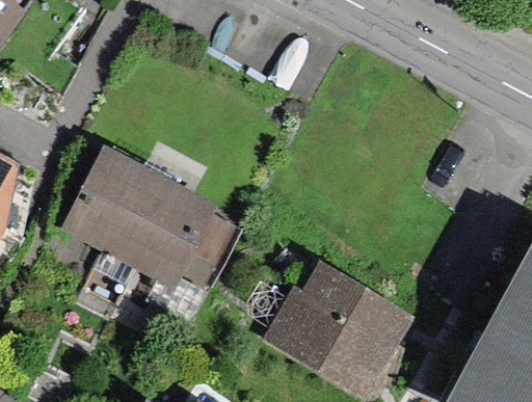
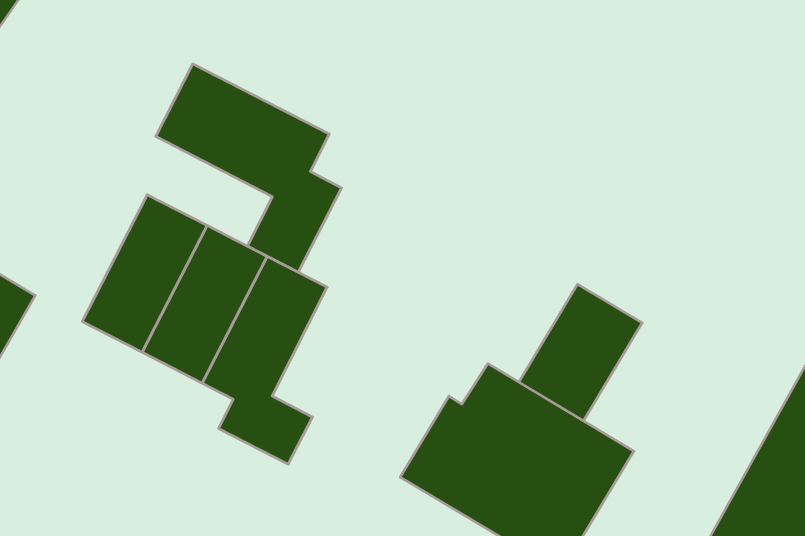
building: none -> [156,64,342,272]
building: none -> [519,284,642,421]

